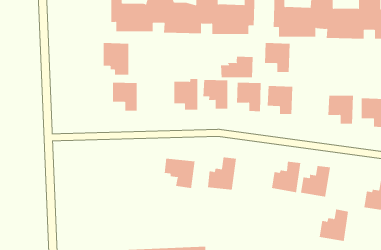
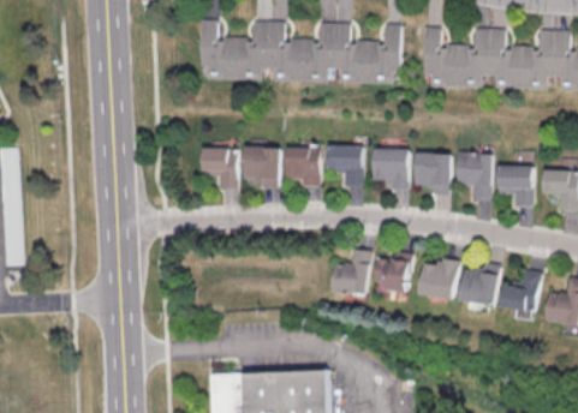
building: [264,43,290,72] -> [454,151,490,192]
building: [103,43,129,75] -> [244,145,280,190]
building: [220,56,253,78] -> none
building: [164,158,195,189] -> none
building: none -> [377,252,412,291]
building: [319,209,349,241] -> [501,269,542,313]

